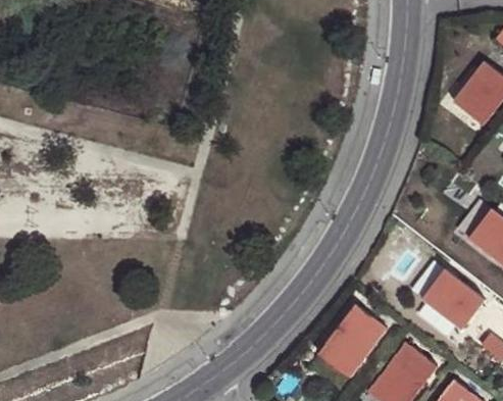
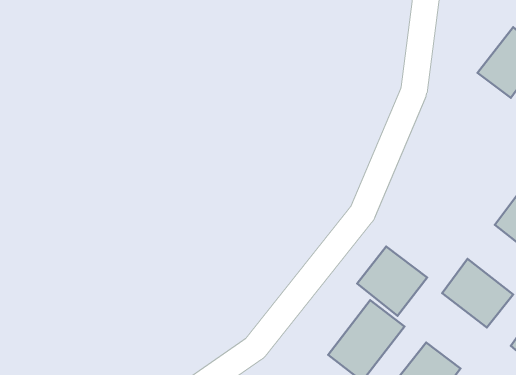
building: none -> [357,247,427,316]

